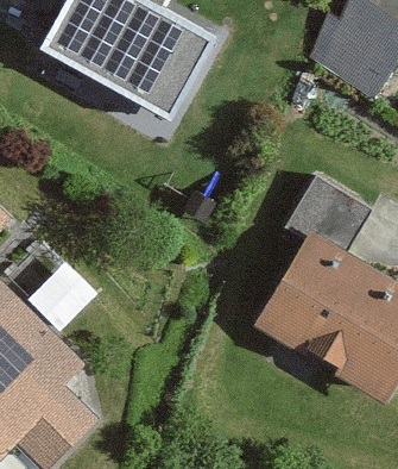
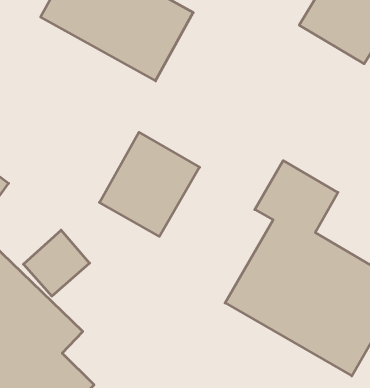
building: none -> [99,132,200,236]

